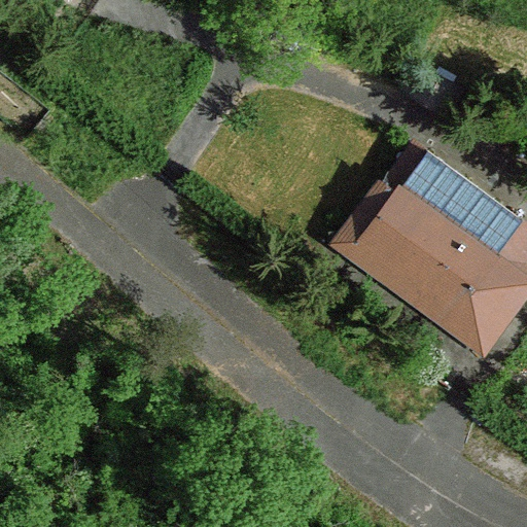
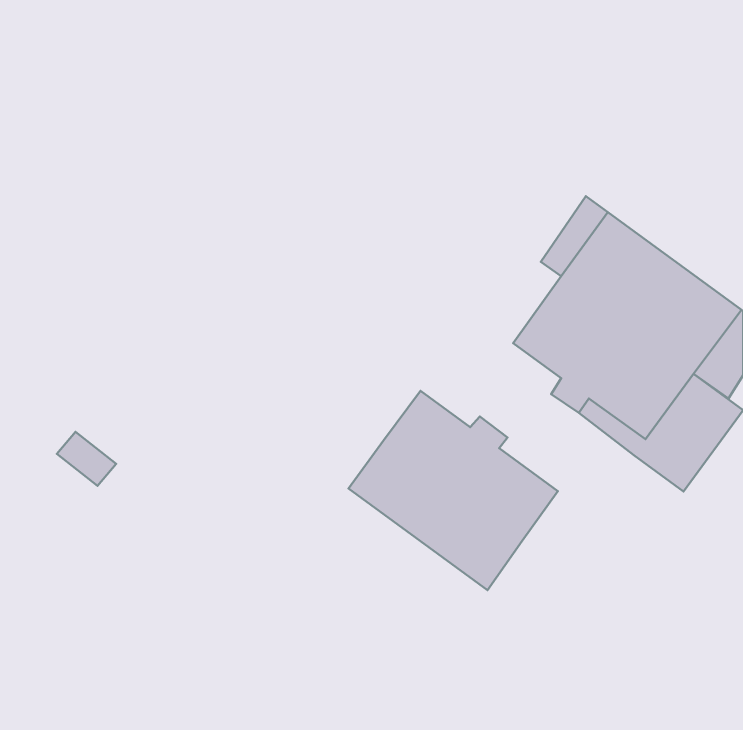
building: none -> [348,391,558,590]

